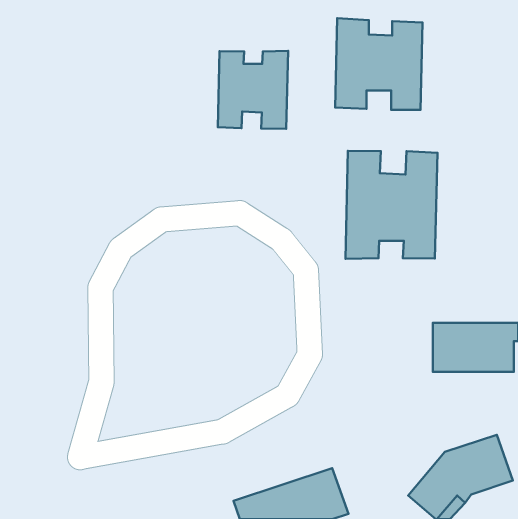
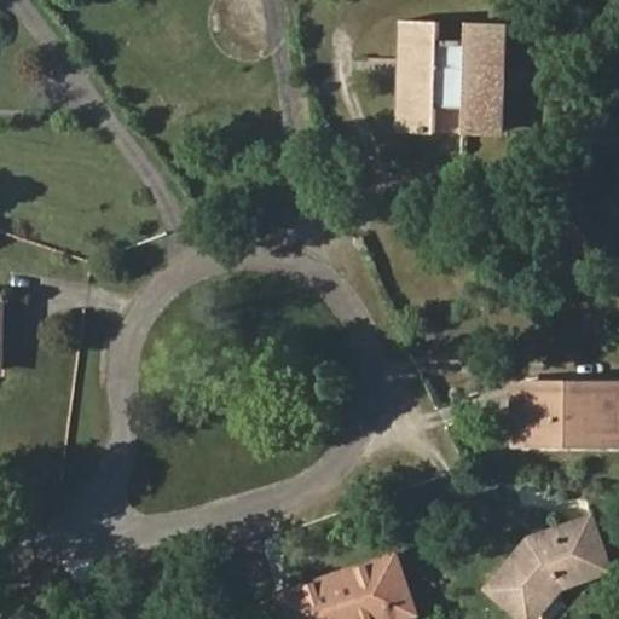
building: [218,51,288,129] -> none
building: [345,151,437,259] -> none

